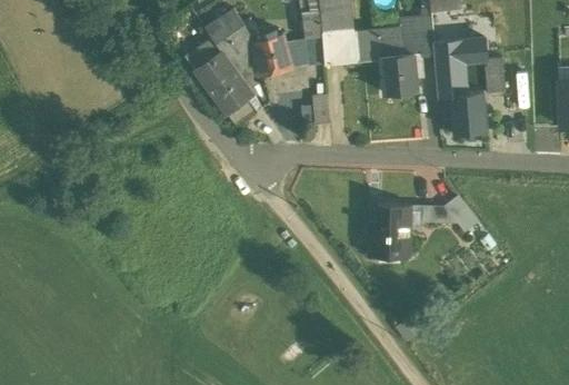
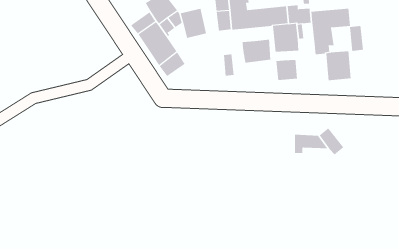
building: none -> [242,39,271,63]
building: none -> [276,59,298,81]
building: [369,205,410,259] -> none

